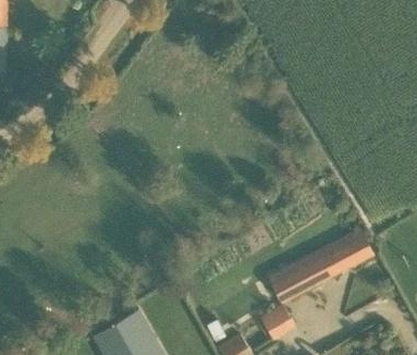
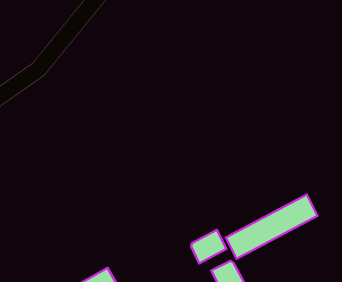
building: none -> [191,230,227,263]

